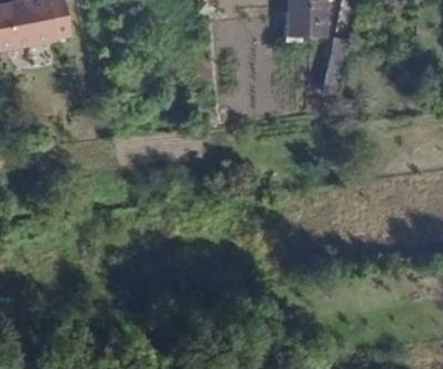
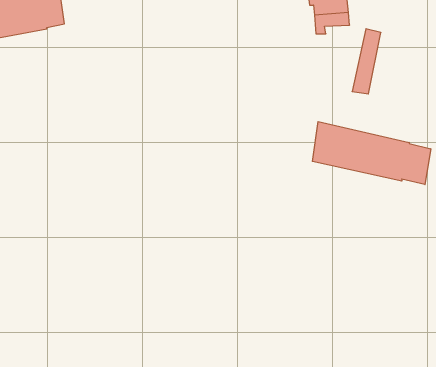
building: none -> [312,122,431,185]

